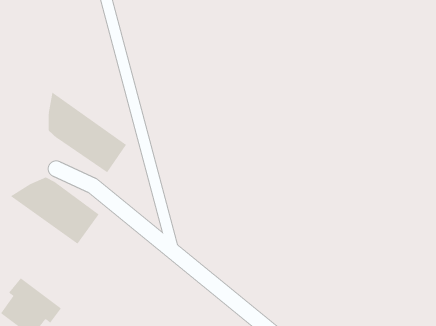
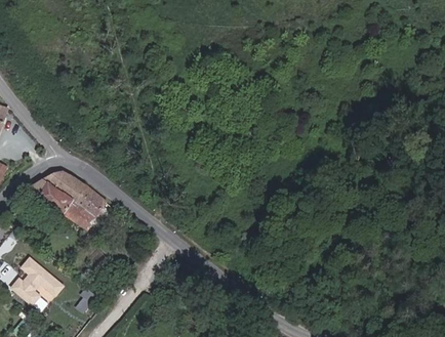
building: [48,91,127,173] -> none

